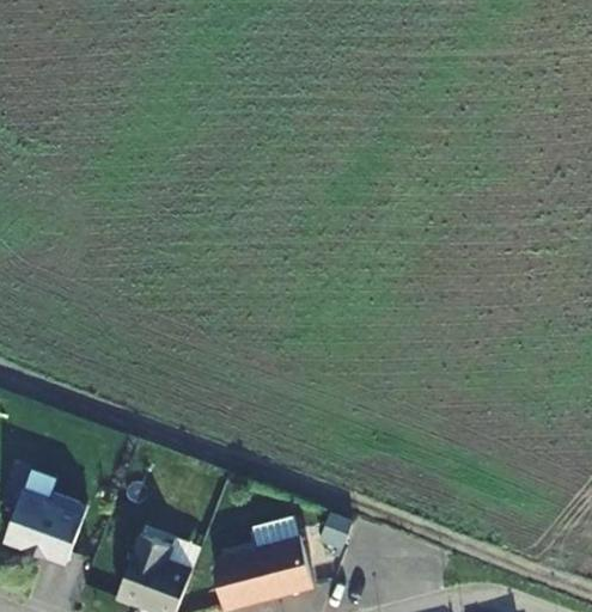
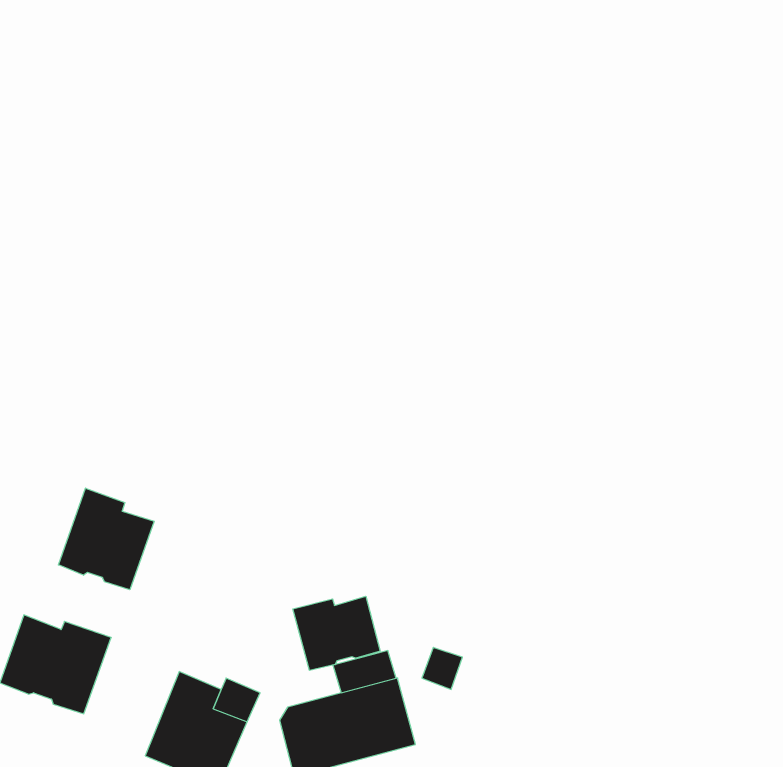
building: none -> [58,488,154,590]
building: none -> [293,596,380,670]

